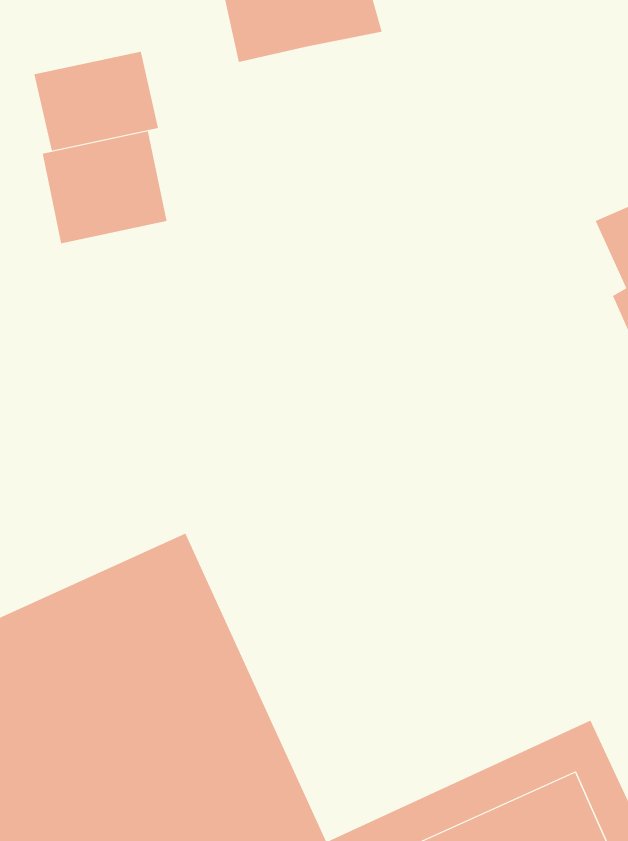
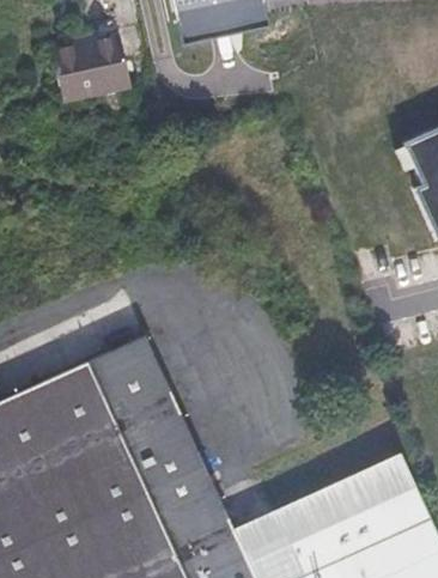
building: [42,130,167,244] -> none

